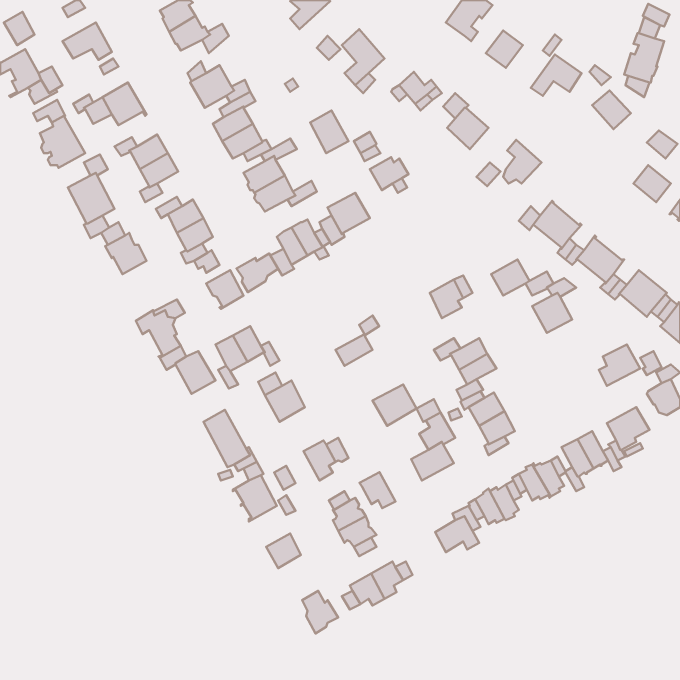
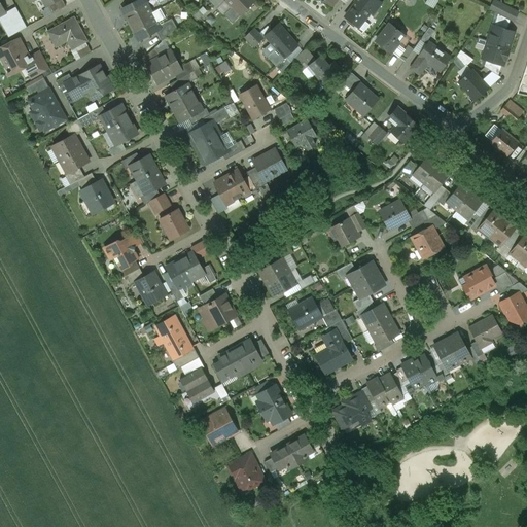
building: [237,254,278,292] -> none
building: none -> [267,271,295,296]
building: [360,472,396,508] -> [219,349,247,377]

